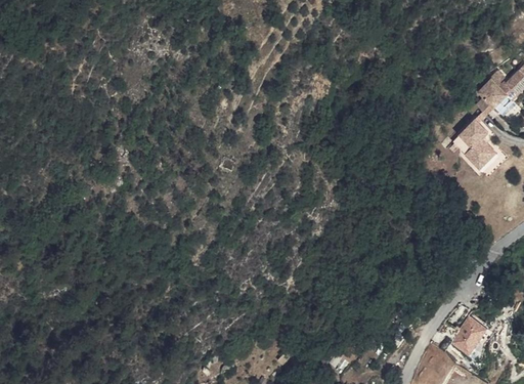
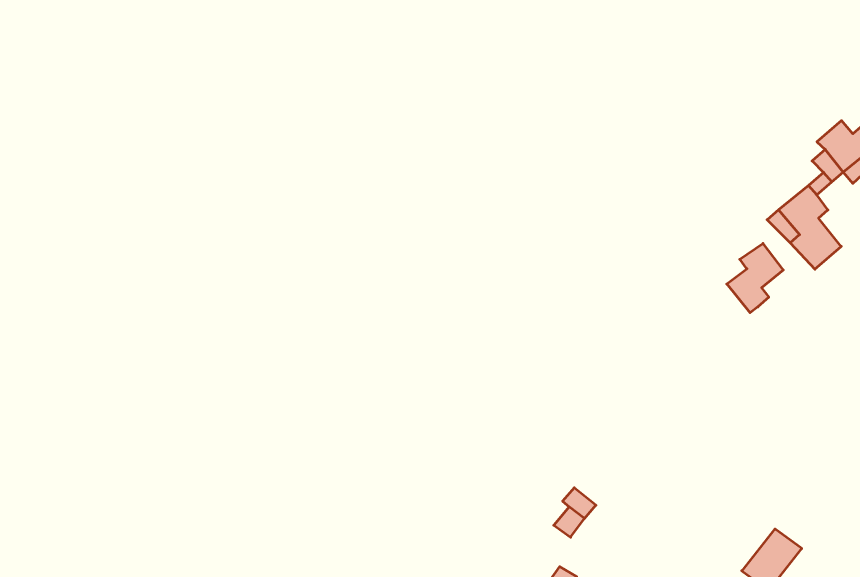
building: none -> [727,243,783,313]

